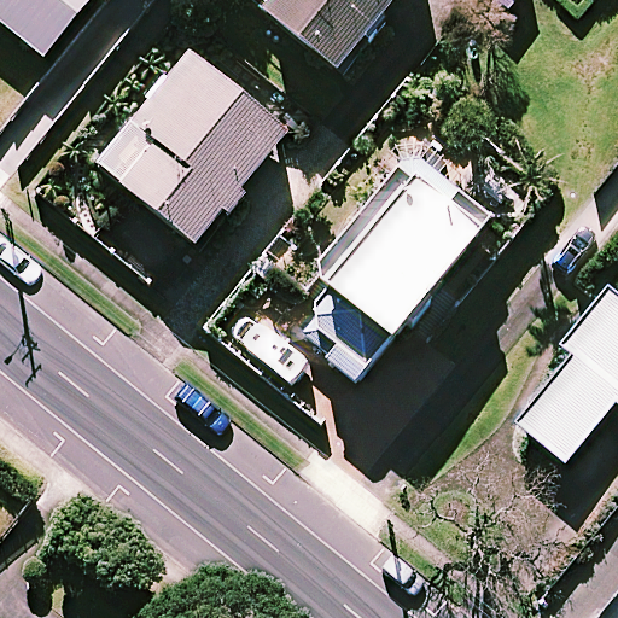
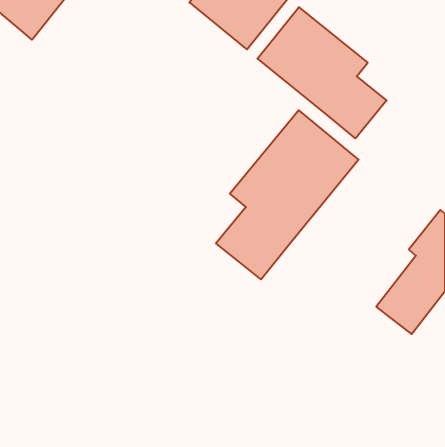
building: none -> [257,7,387,138]
building: [123,49,288,241] -> none

